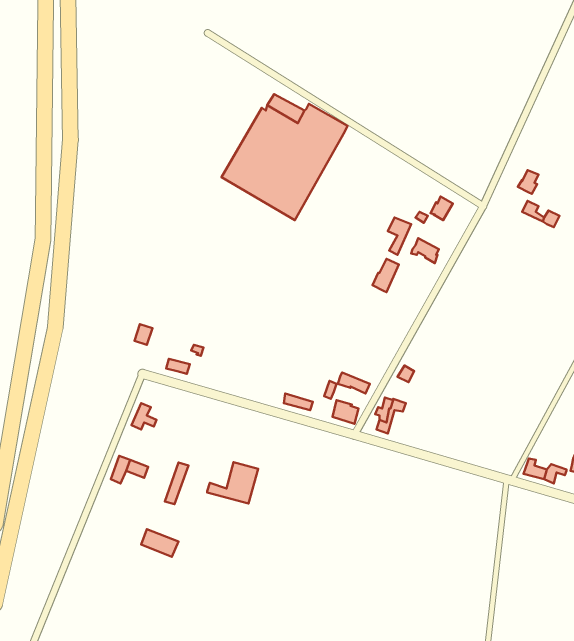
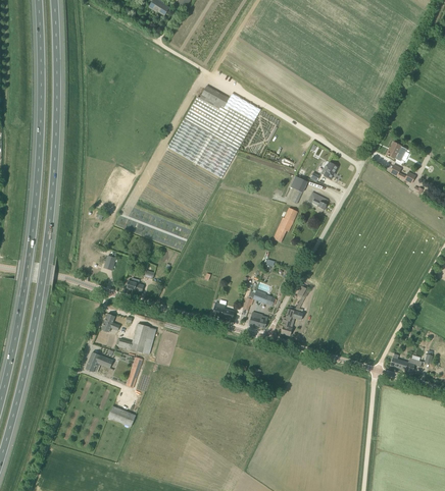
building: [207,462,258,504] -> [118,323,156,353]

